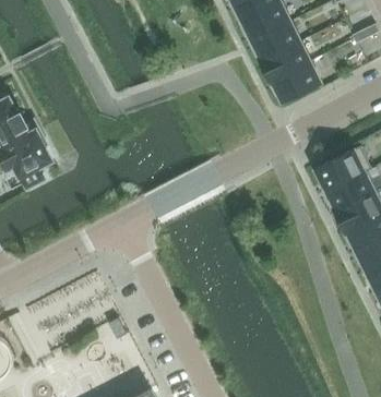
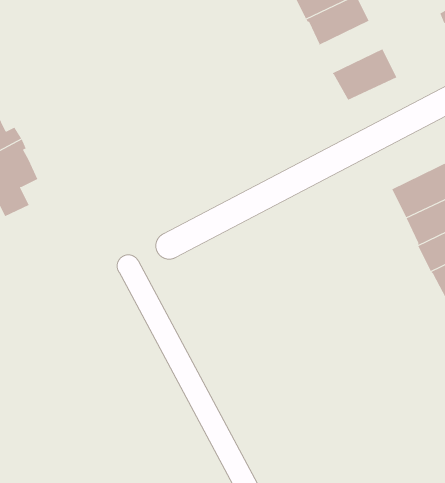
building: [262,41,310,81] -> none

